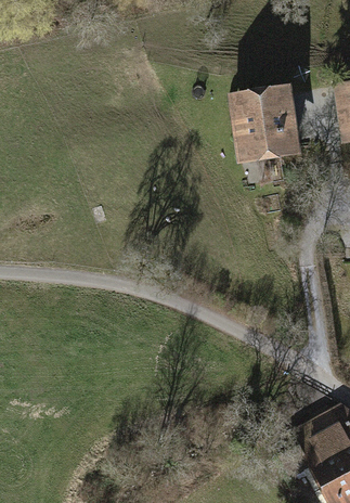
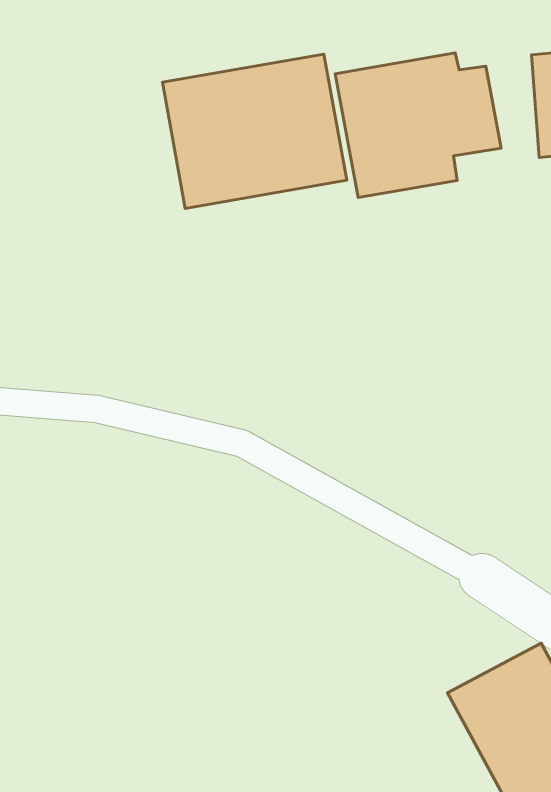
building: none -> [162,54,347,208]

